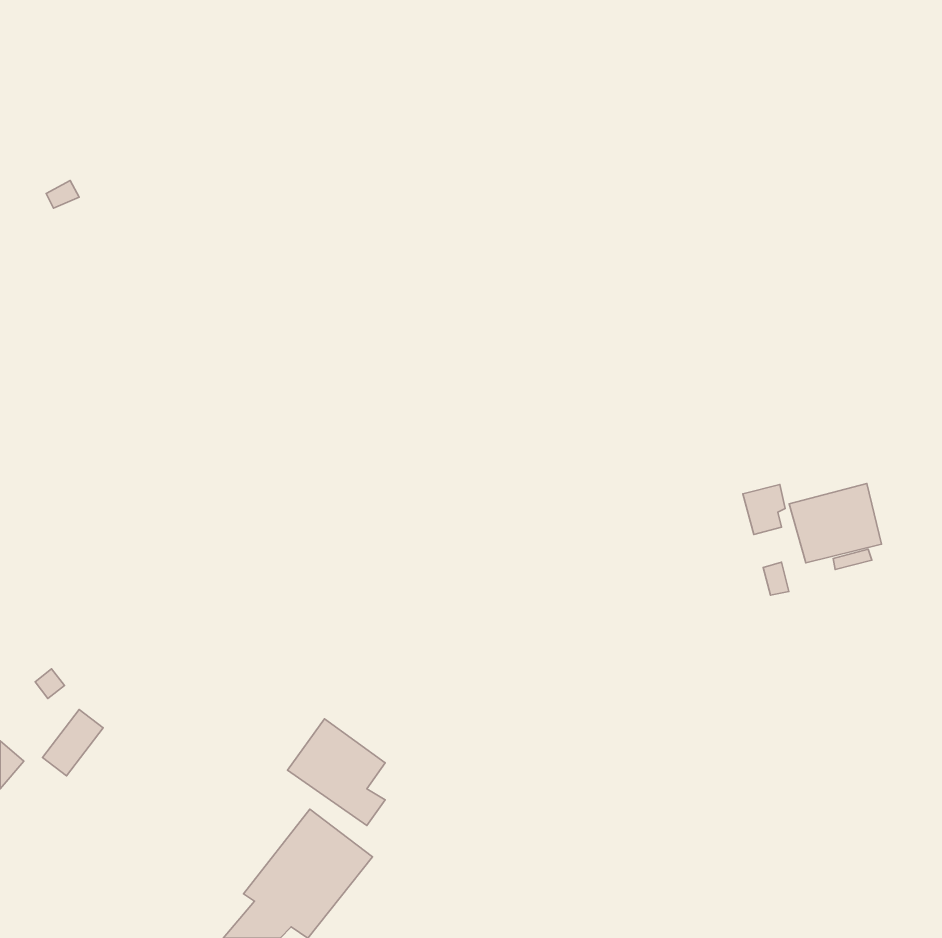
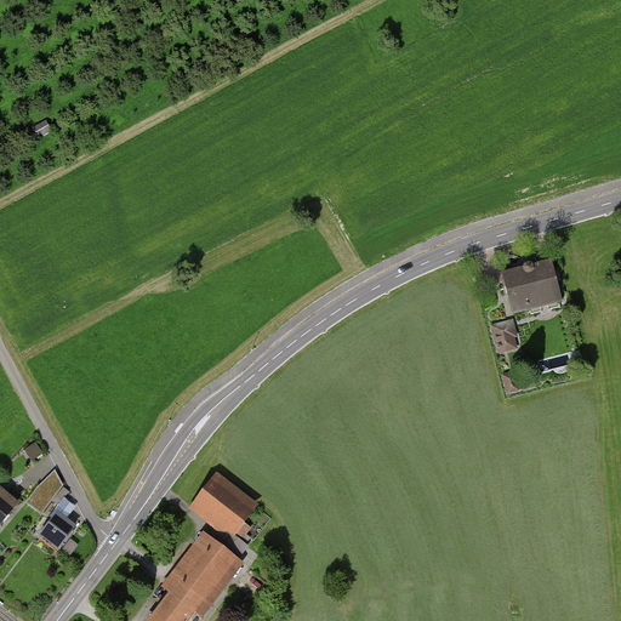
building: [789,483,881,563] -> [497,261,558,313]
building: none -> [36,498,76,549]

